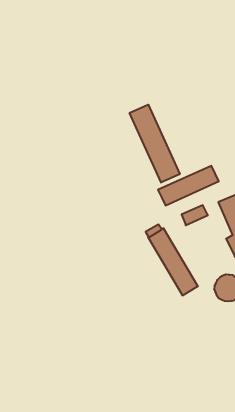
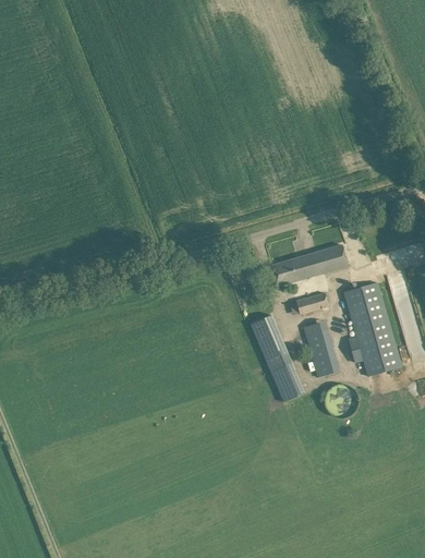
building: [130,105,180,183] -> none
building: none -> [305,329,341,384]

